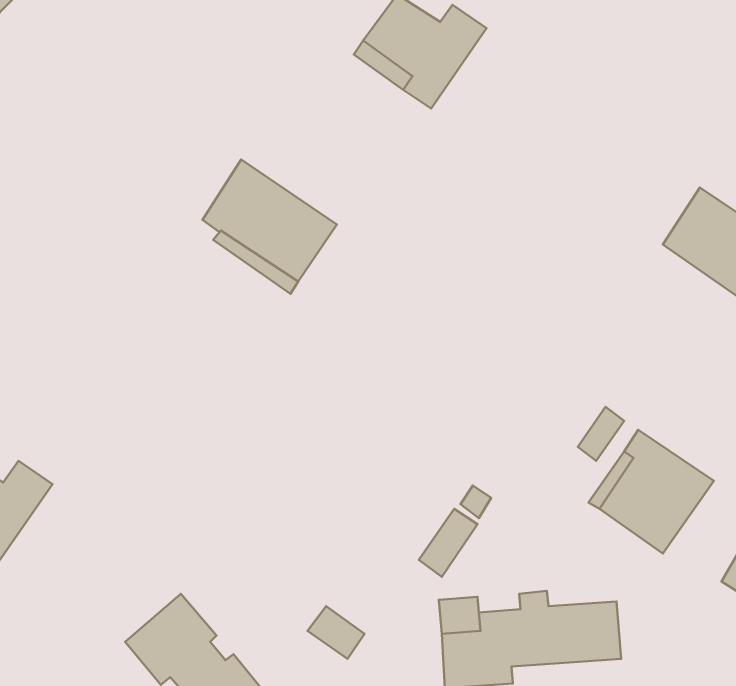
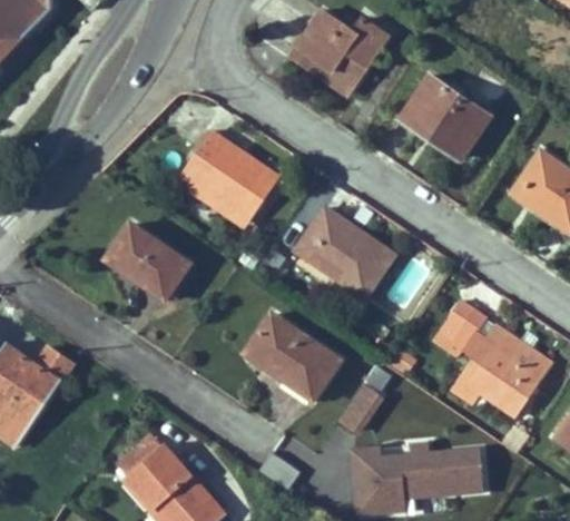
building: none -> [400,76,489,158]
building: none -> [295,209,393,298]
building: none -> [106,223,190,299]
building: none -> [244,313,340,400]

